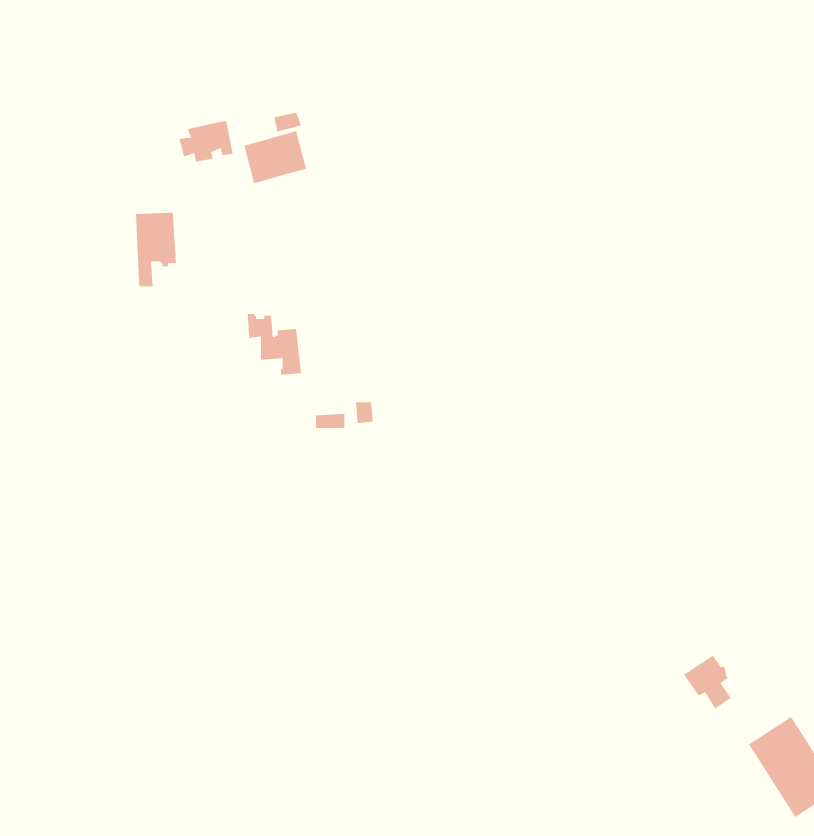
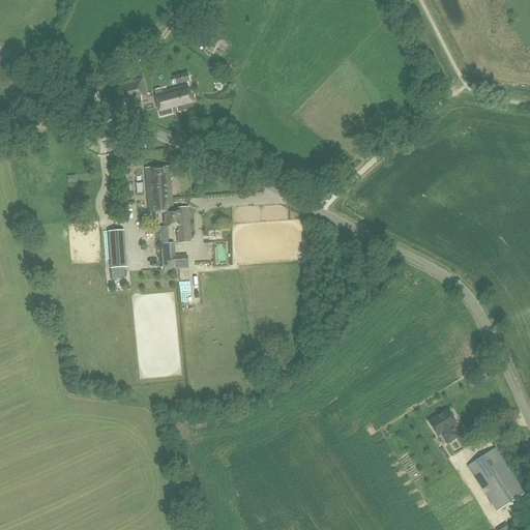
building: [135,212,177,287] -> [145,165,171,211]
building: none -> [108,229,125,267]
building: none -> [159,241,186,268]

